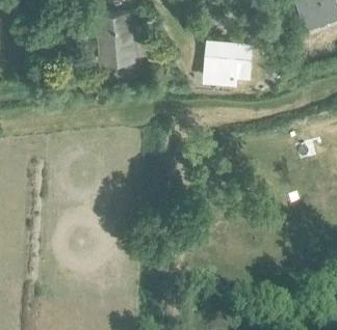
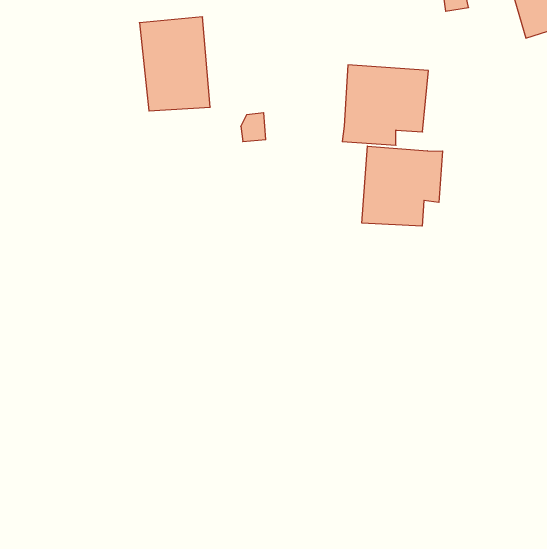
building: none -> [362,146,443,226]

